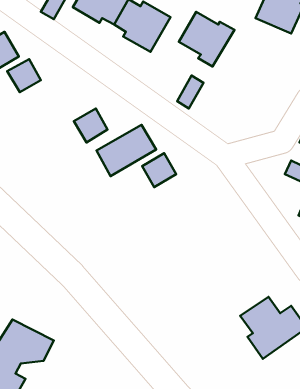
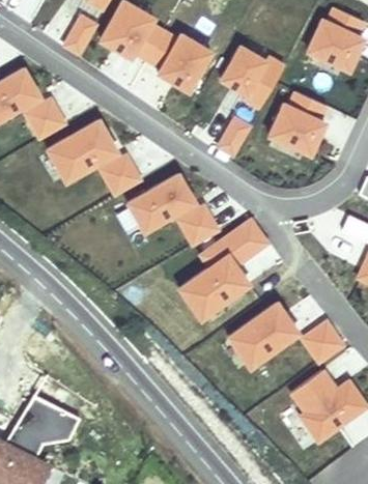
building: none -> [268,92,325,154]
building: none -> [48,120,117,181]
building: none -> [179,220,266,317]
building: none -> [228,302,298,366]
building: none -> [302,320,342,361]

